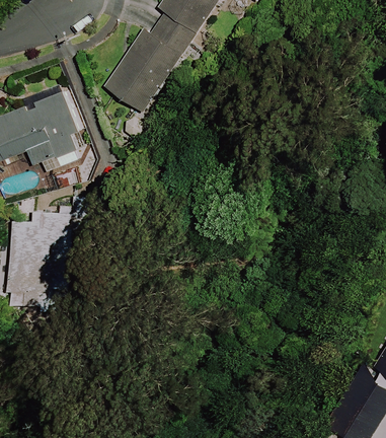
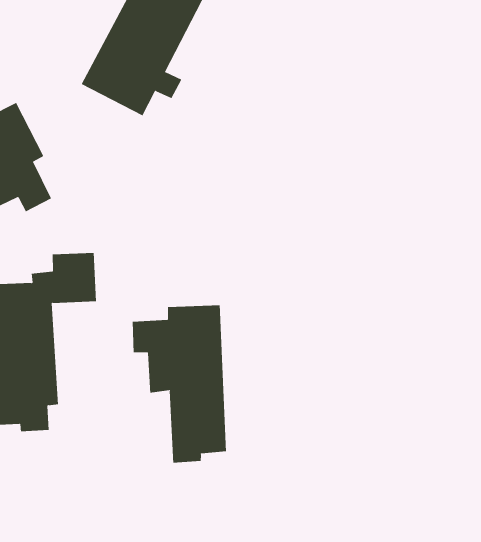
building: none -> [132,304,227,463]

